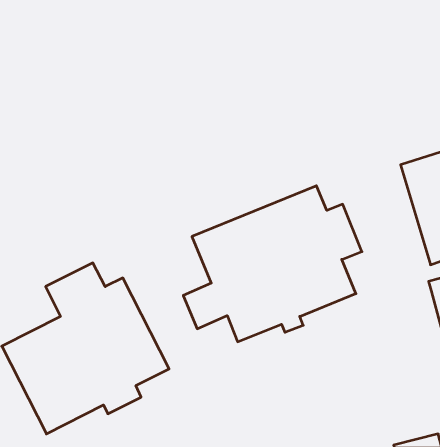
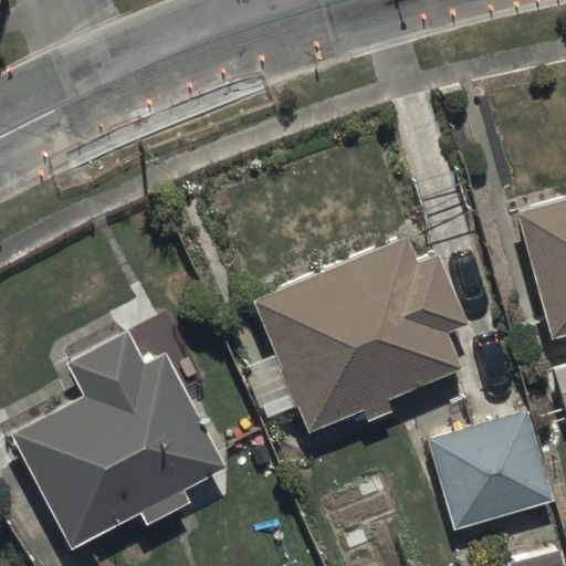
building: none -> [431,415,556,530]

